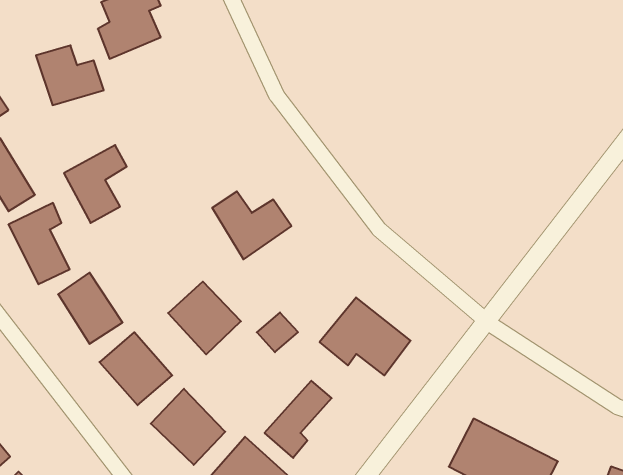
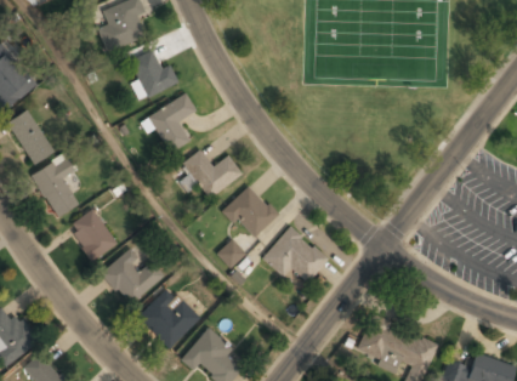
building: [36,45,104,105] -> [129,52,178,96]
building: [64,145,127,223] -> [149,95,195,152]
building: [168,282,241,354] -> [225,186,278,239]
building: [265,381,332,458] -> none

